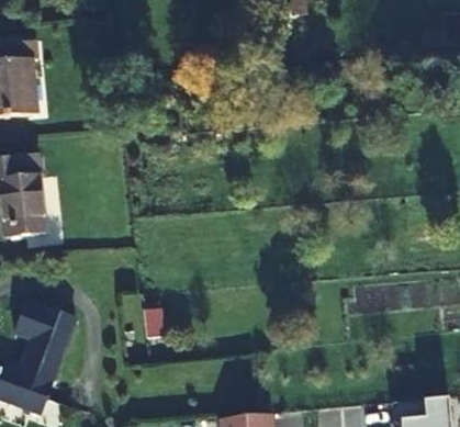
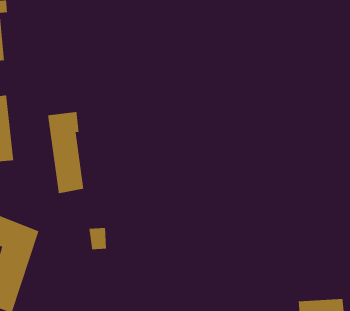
building: none -> [47,111,84,194]

